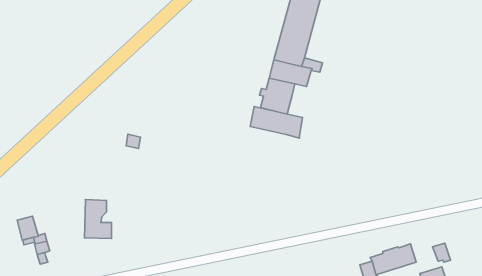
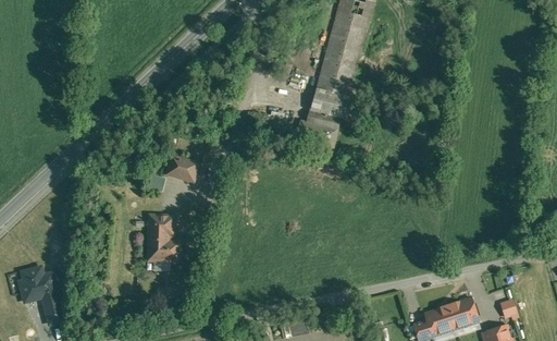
building: [250,106,302,138] -> none
building: none -> [168,156,197,180]
building: [85,200,111,239] -> [149,215,180,259]

